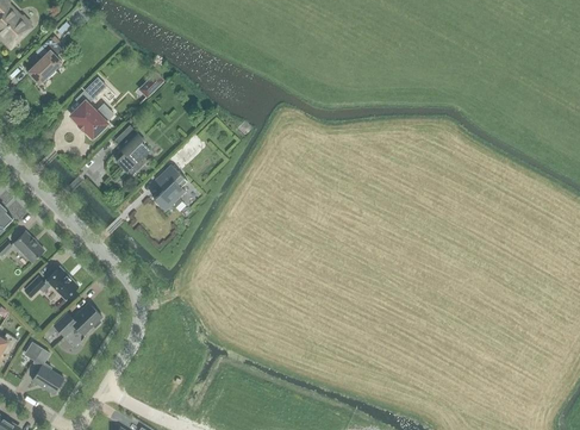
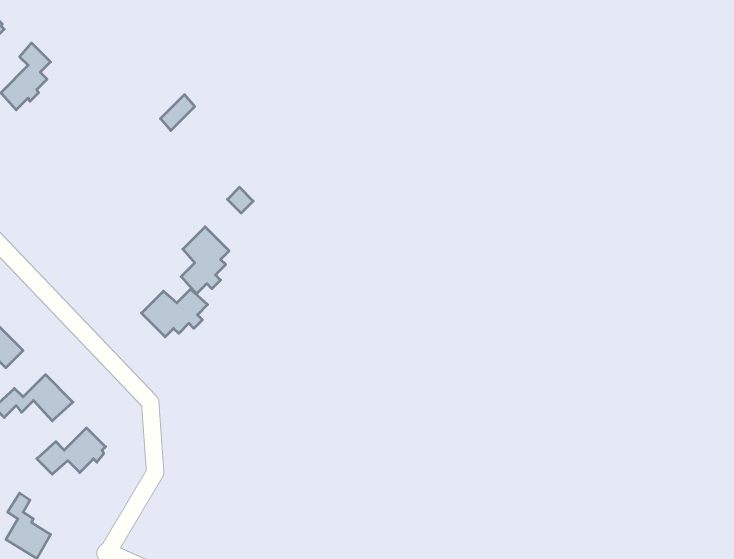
building: [71,77,113,137] -> none
building: [114,125,150,173] -> none
building: none -> [141,289,208,337]

